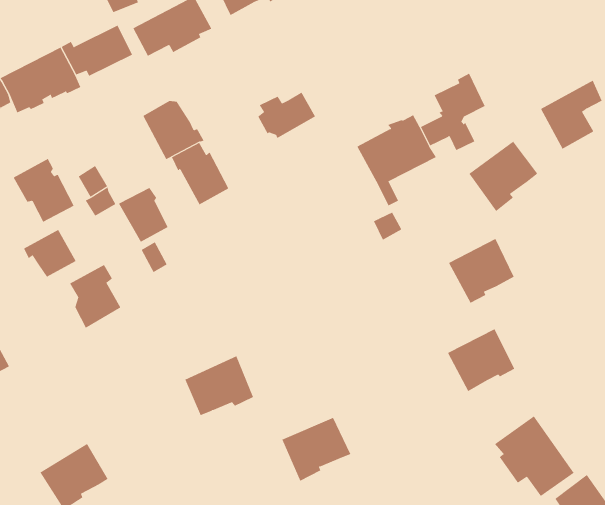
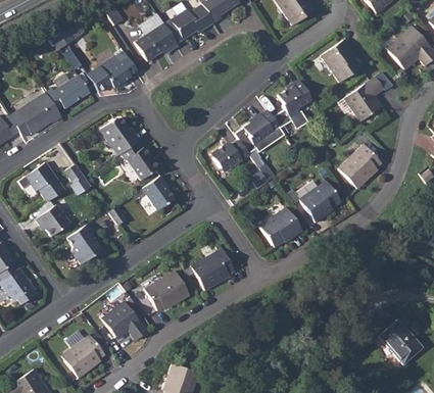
building: none -> [321,39,361,82]
building: [258,92,316,139] -> [213,139,249,169]
building: [468,141,538,212] -> [339,143,382,188]
building: [118,187,169,242] -> [143,175,176,209]
building: [447,328,515,392] -> [258,206,301,247]
building: none -> [102,300,147,339]
building: [494,416,575,497] -> none
building: [281,417,351,481] -> [191,248,235,290]

